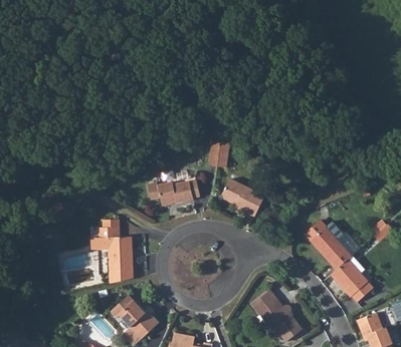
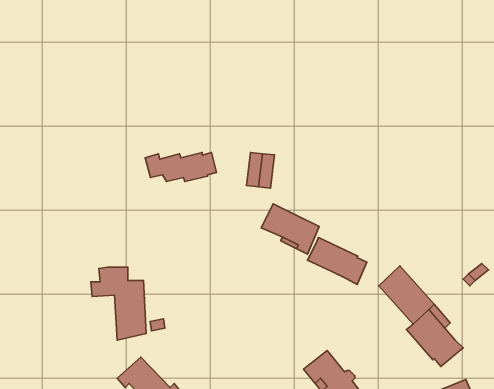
building: [145,181,199,203] -> [145,153,217,182]
building: none -> [307,237,367,285]

